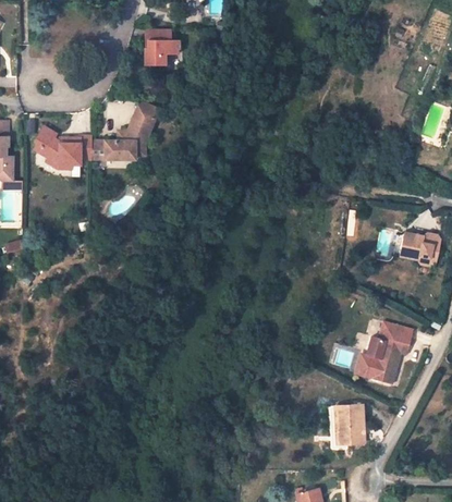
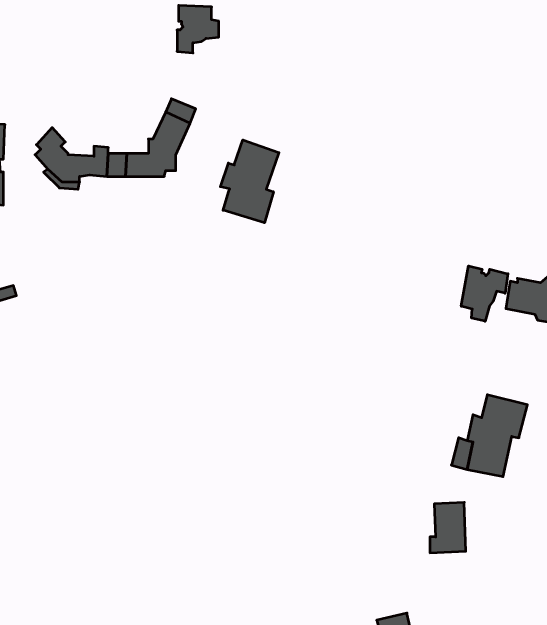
building: none -> [220,140,279,223]
building: none -> [461,266,508,321]

